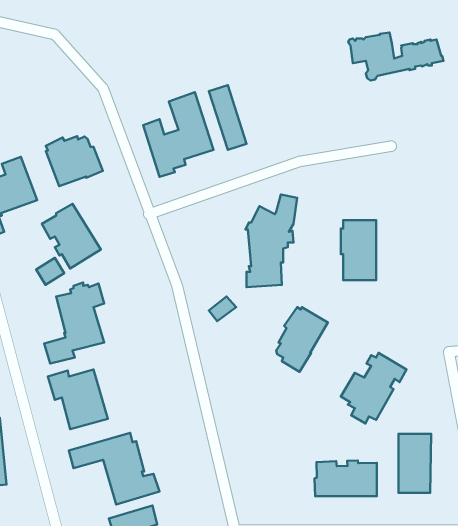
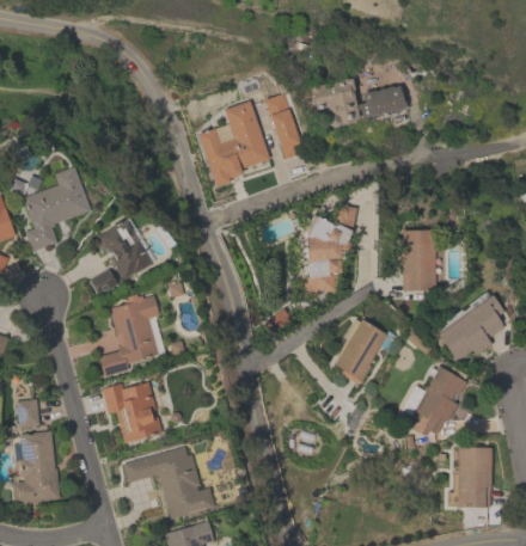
building: [348,33,443,81] -> [310,79,406,128]
building: [46,136,103,186] -> none
building: none -> [436,295,504,362]
building: [315,461,377,496] -> none

